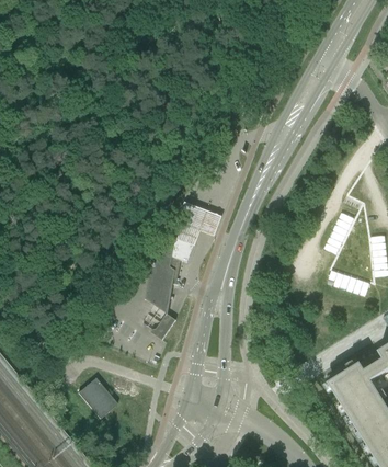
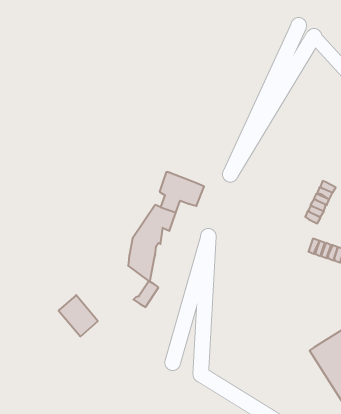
building: [77,377,116,419] -> [59,295,98,336]

